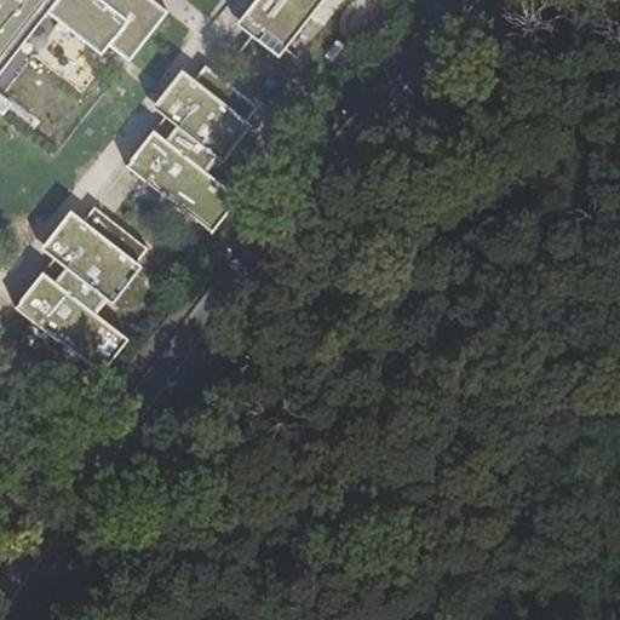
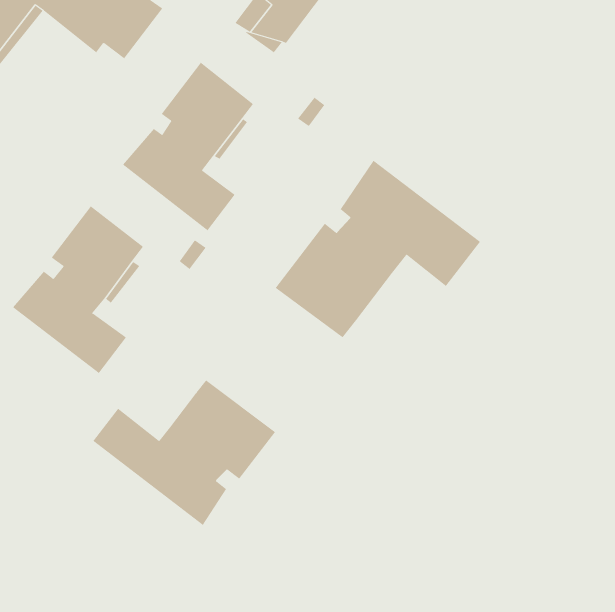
building: none -> [275,160,481,338]
building: none -> [93,380,276,526]

